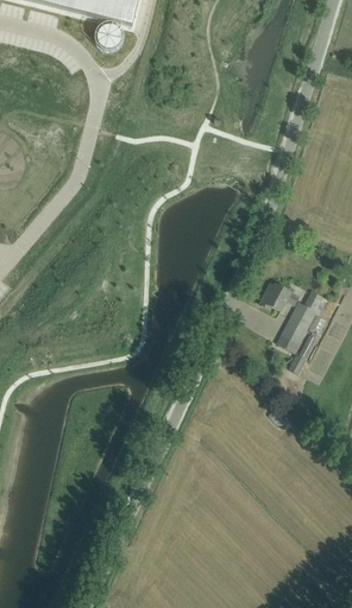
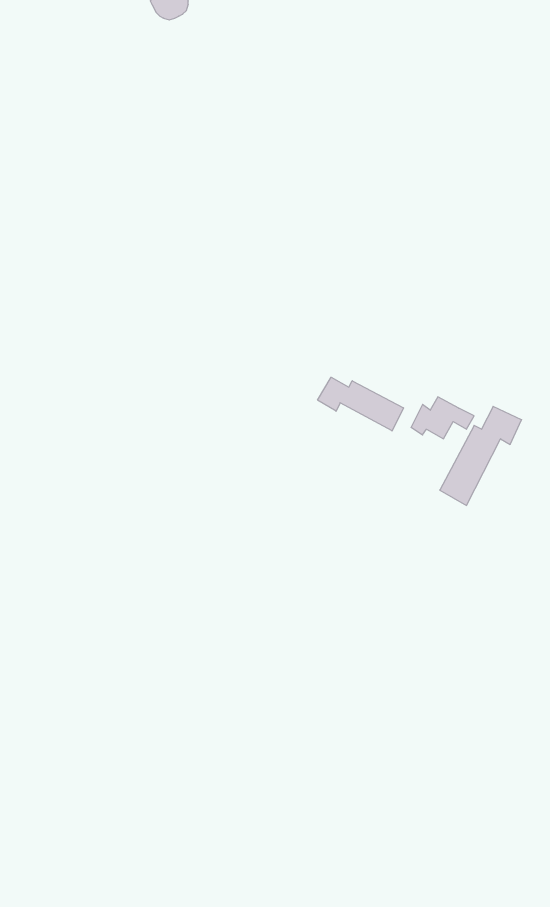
building: none -> [318,377,403,431]

